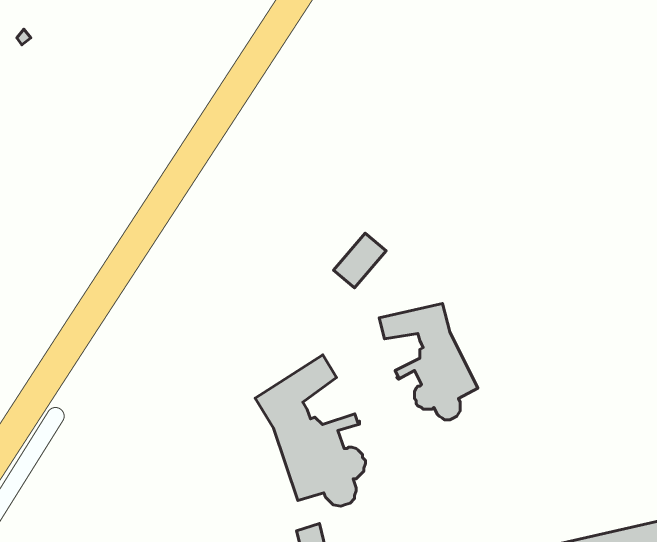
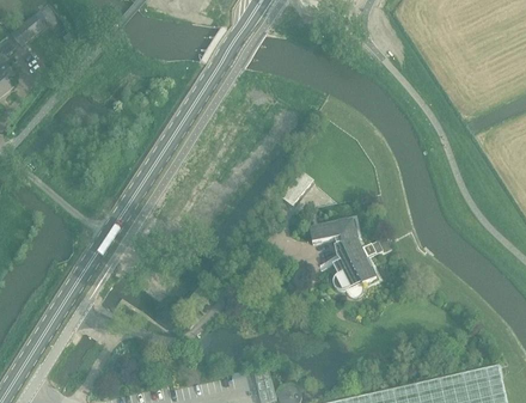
building: [255,355,365,506] -> none

